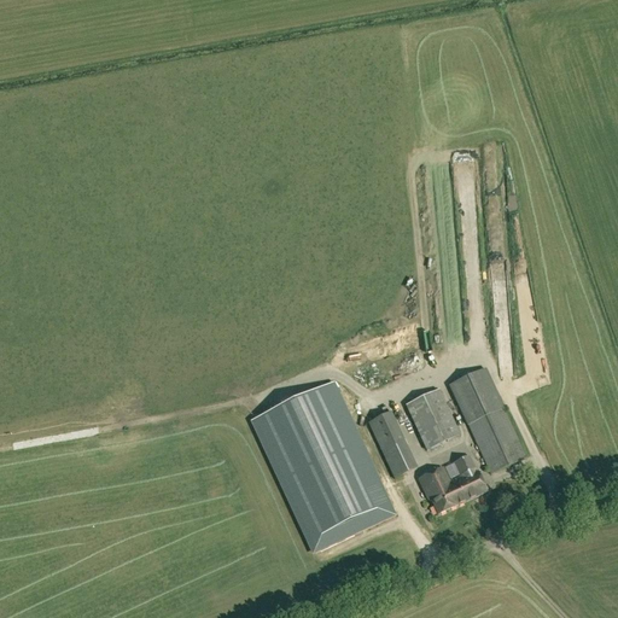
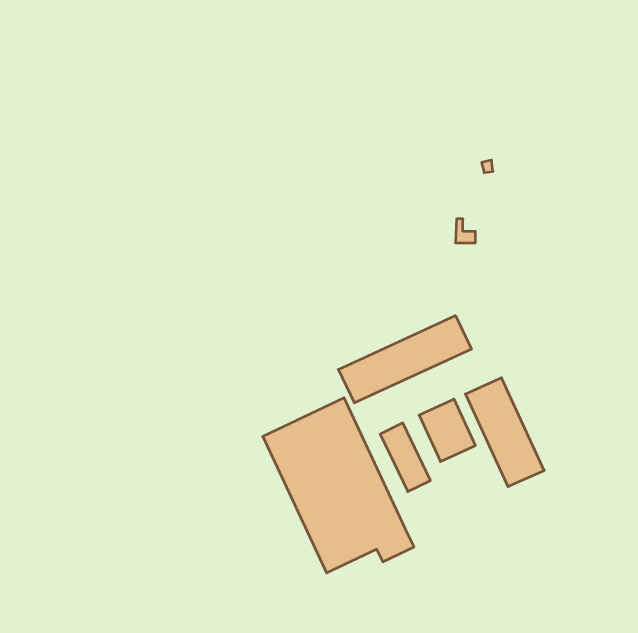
building: none -> [338,316,471,403]
building: [418,453,485,509] -> none

